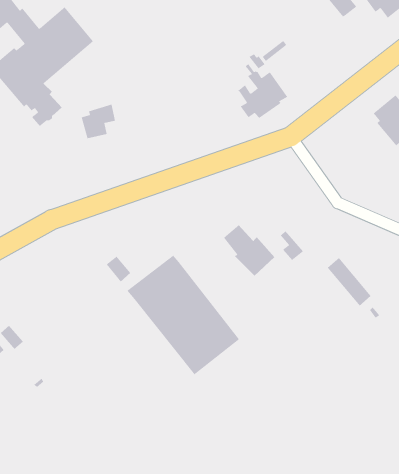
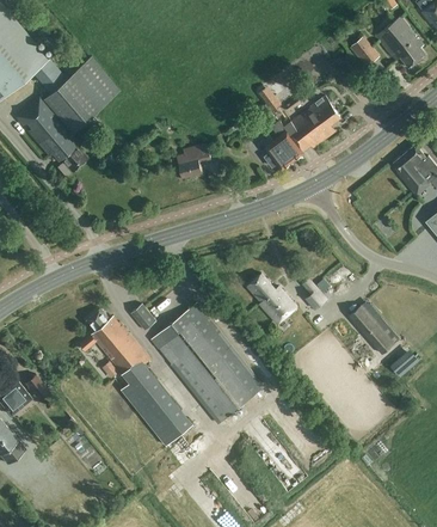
building: none -> [293,97,341,149]
building: [81,104,116,139] -> [176,143,210,178]
building: none -> [80,310,192,446]

